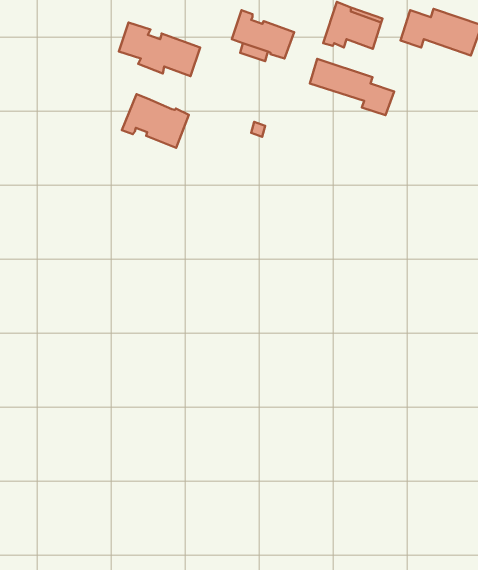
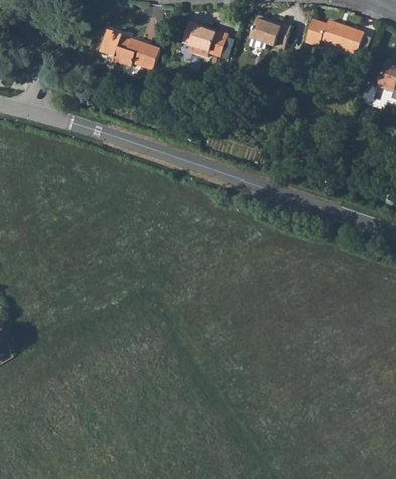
building: [310,59,394,115] -> none
building: [122,94,189,148] -> none

